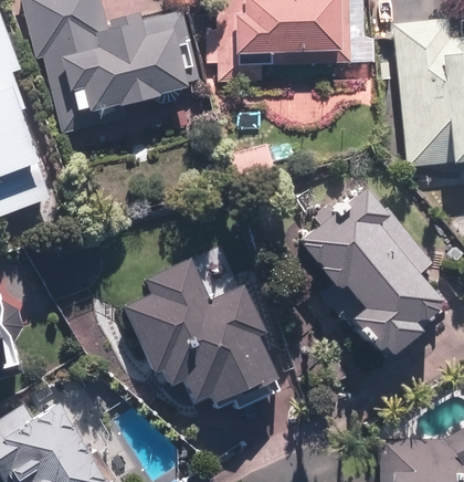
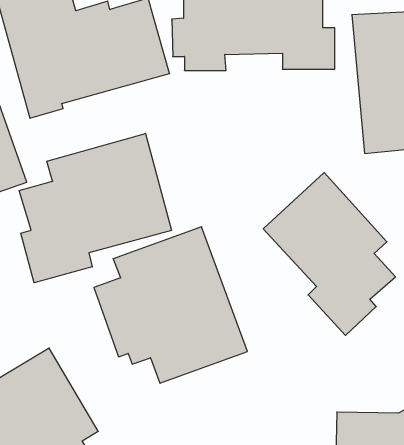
building: none -> [19,133,172,283]

